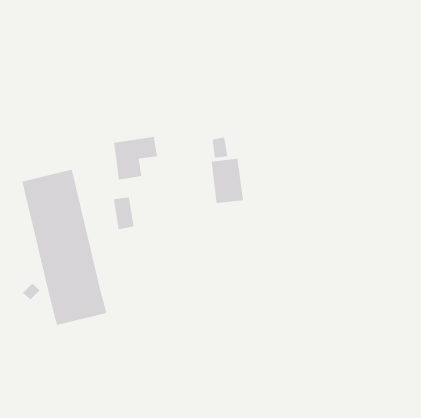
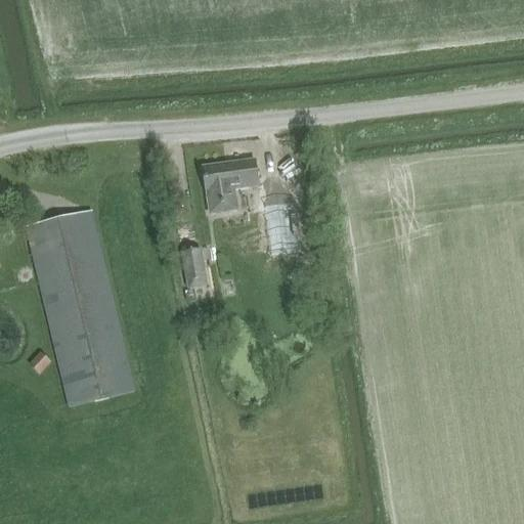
building: [113,137,158,180] -> [203,159,258,213]
building: [113,197,134,230] -> [180,247,207,288]

